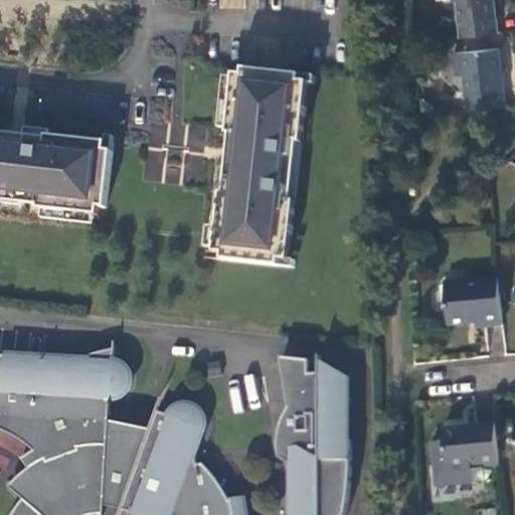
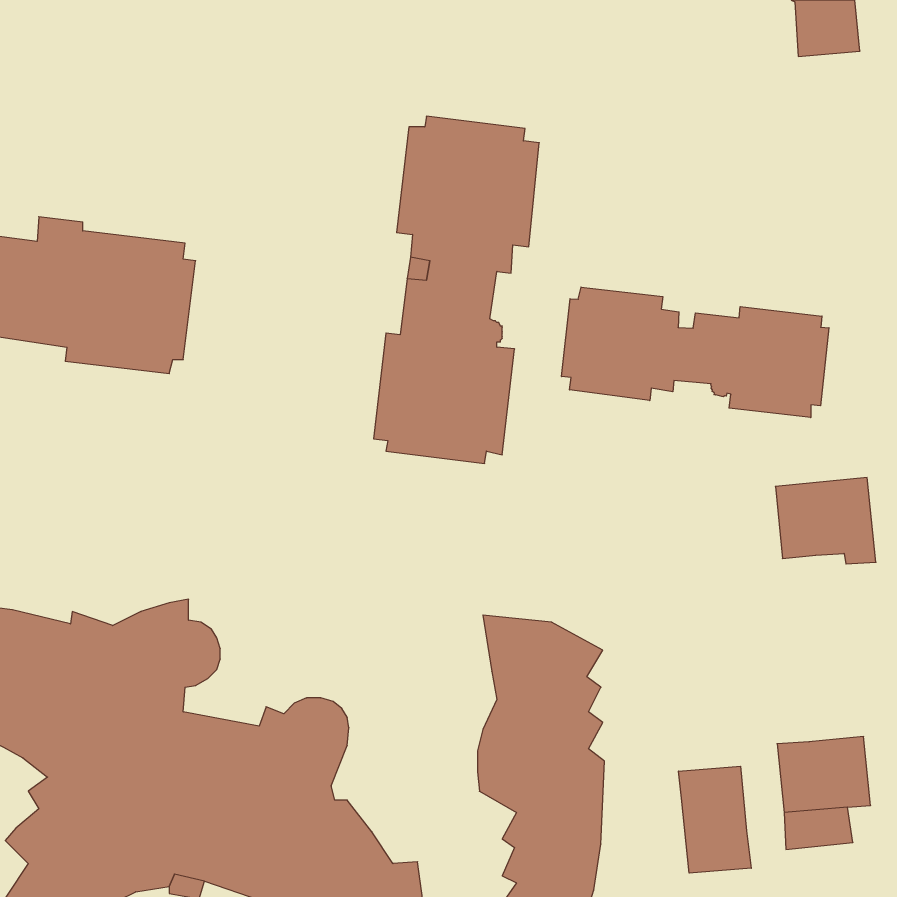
building: [459,43,508,107] -> none
building: none -> [562,287,829,418]
building: none -> [679,766,751,873]

